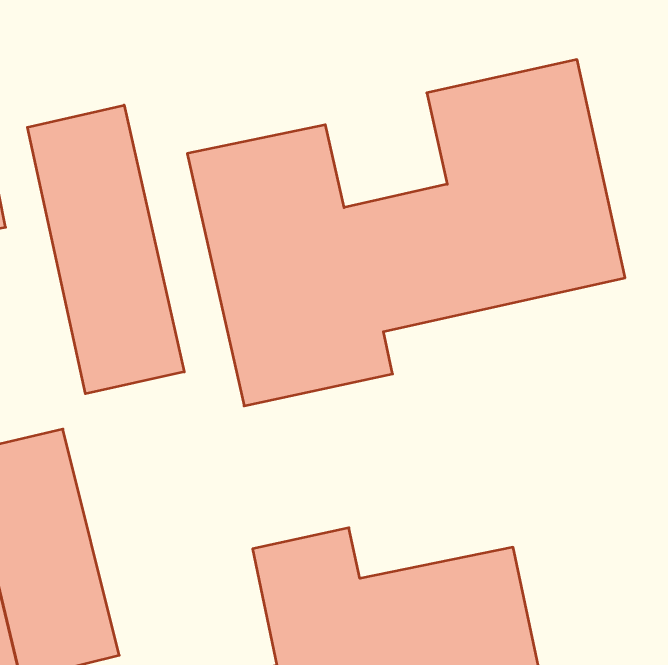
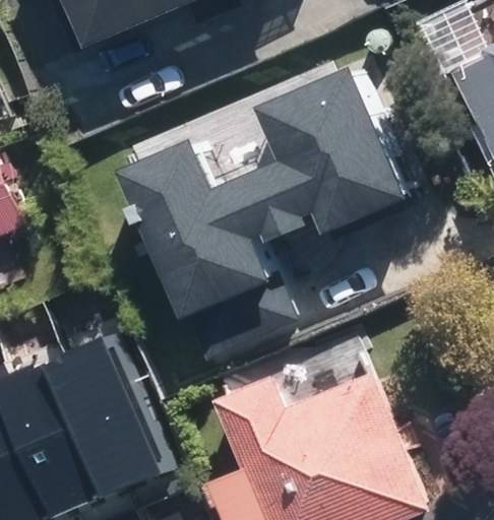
building: [27,105,184,394] -> none

